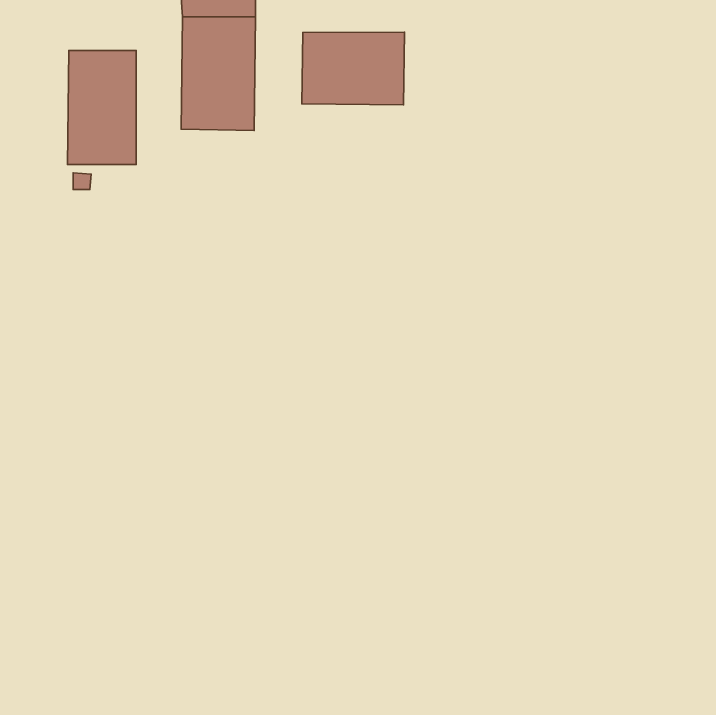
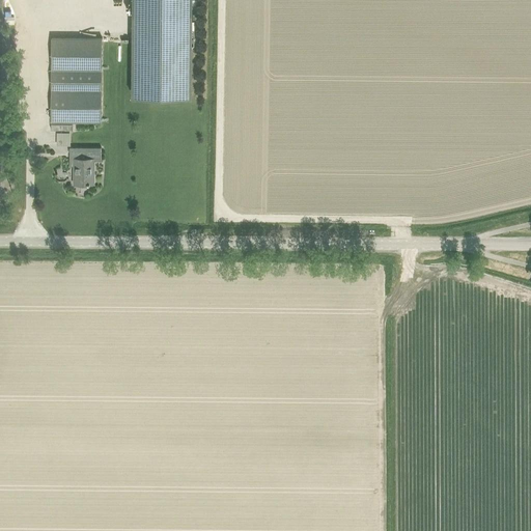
building: [302,32,404,105] -> none
building: none -> [68,146,100,184]

